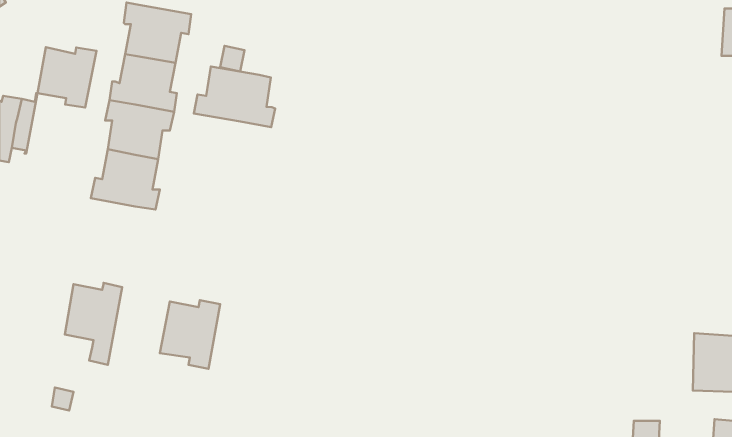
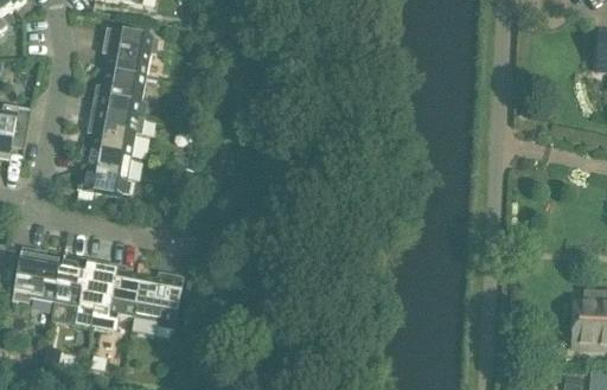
building: [38,47,96,108] -> none
building: [194,66,275,127] -> none
building: none -> [12,245,62,301]
building: none -> [90,261,141,328]

